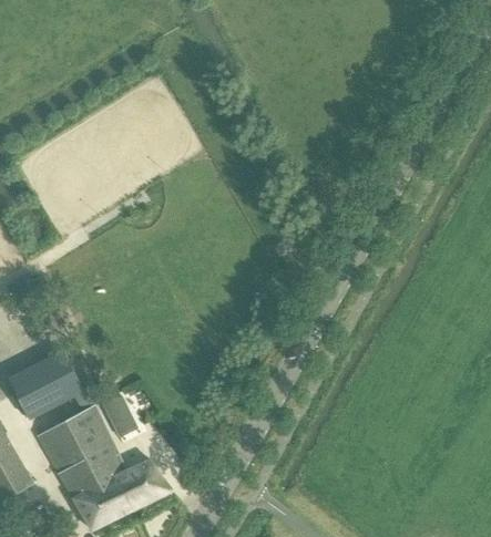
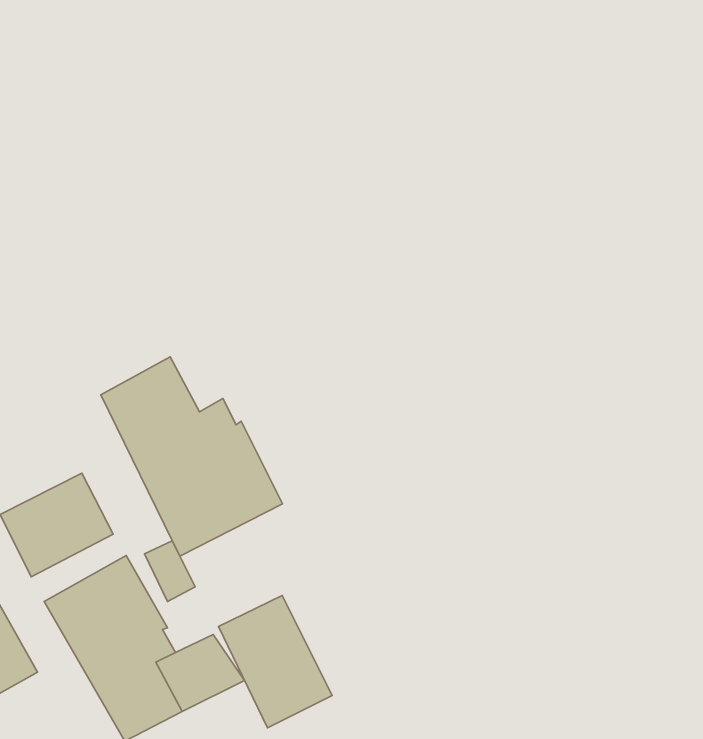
building: none -> [101,357,283,556]
building: none -> [218,596,332,728]

